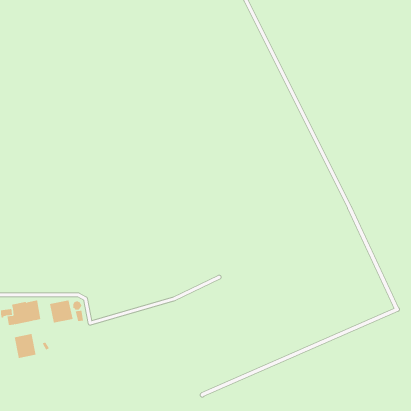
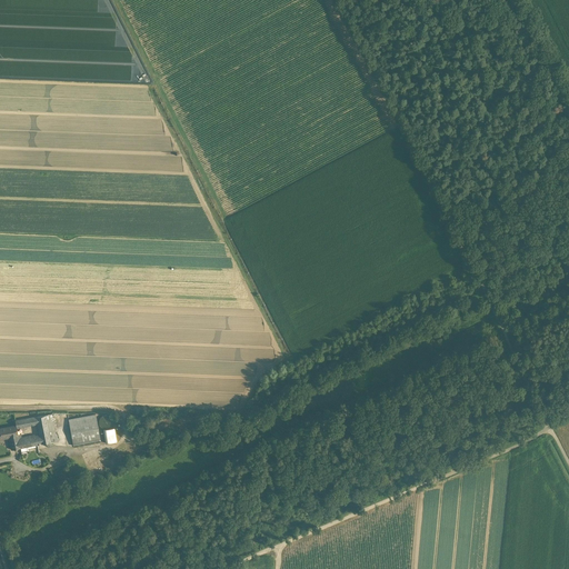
building: [14,333,36,359] -> none

